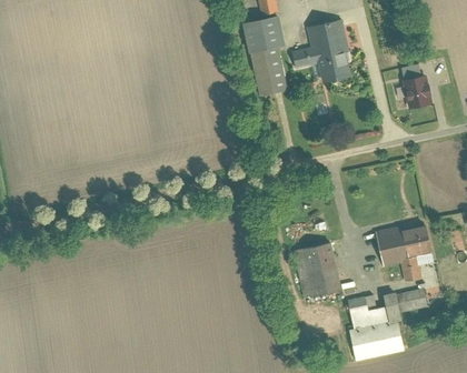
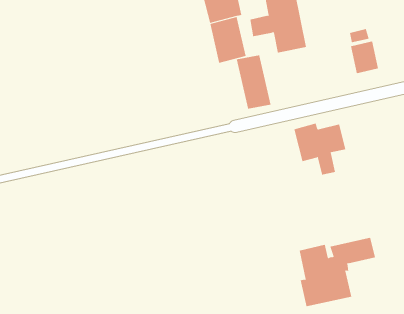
building: none -> [236,55,271,110]
building: [375,223,431,280] -> [294,123,346,175]
building: [294,242,340,296] -> none

